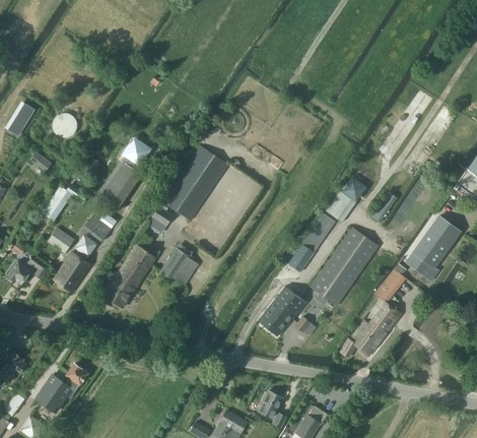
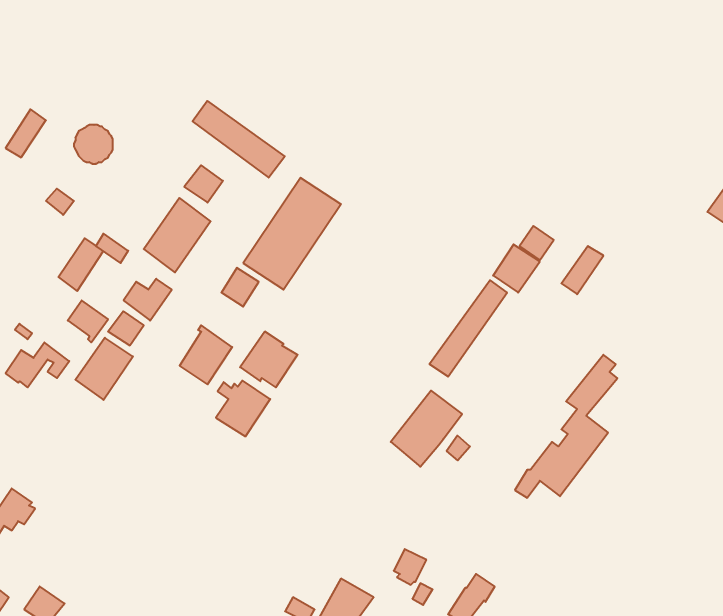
building: none -> [193,101,285,178]
building: [406,216,460,276] -> none
building: [310,227,379,306] -> none
building: [104,270,139,307] -> [216,381,270,436]
building: [37,364,87,411] -> none

